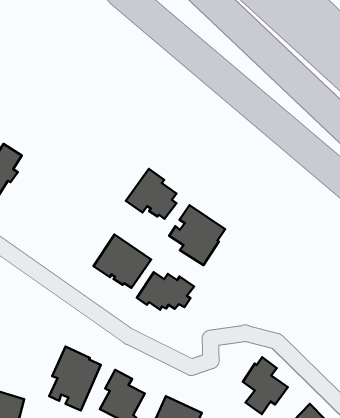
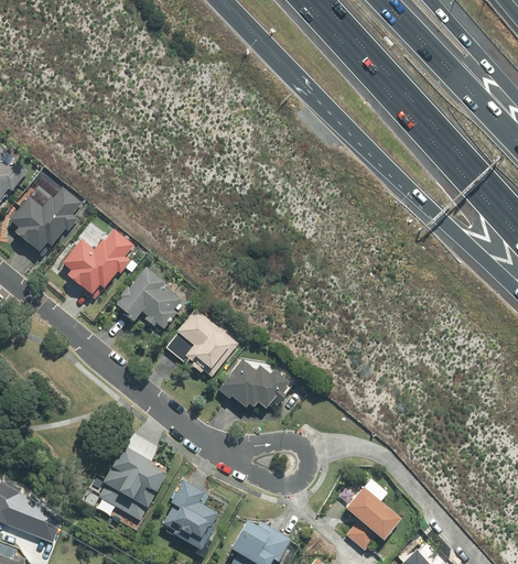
building: [126,169,177,219] -> [115,265,180,330]
building: none -> [61,225,134,297]
building: [169,205,225,265] -> none

